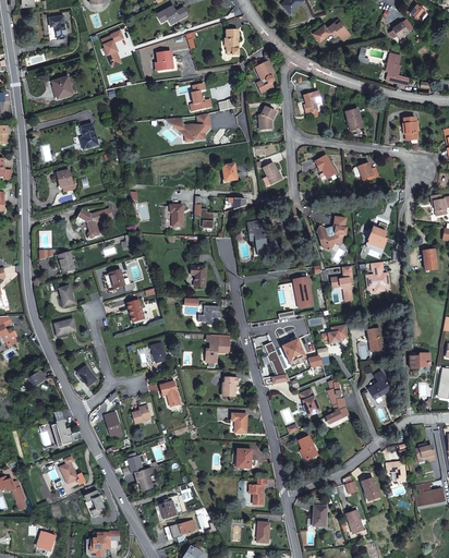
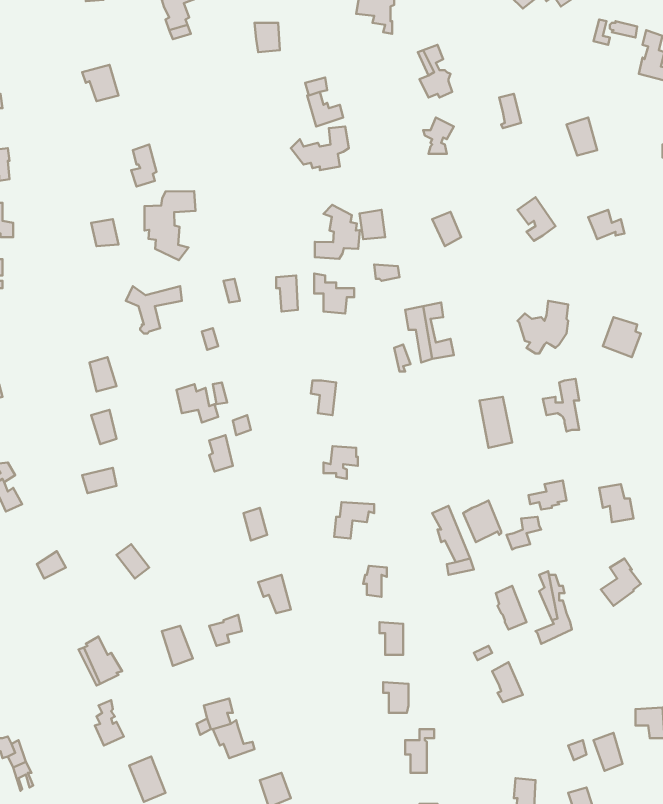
building: none -> [144,191,196,260]
building: none -> [315,205,360,259]
building: [367,260,392,291] -> none

